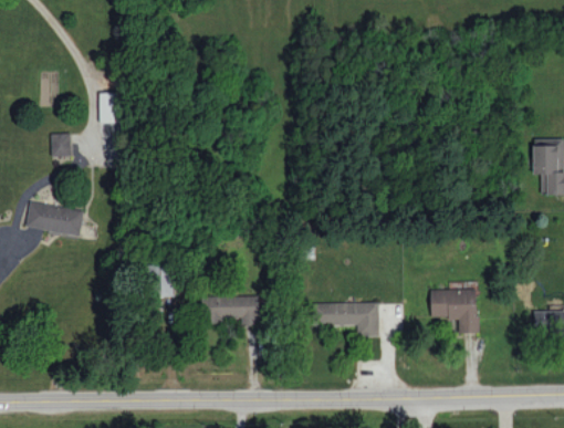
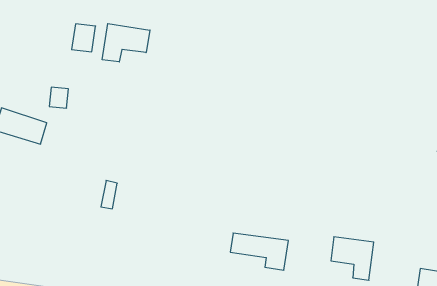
building: none -> [102,24,150,62]
building: [51,133,72,156] -> [49,87,68,108]
building: [206,295,260,327] -> none

